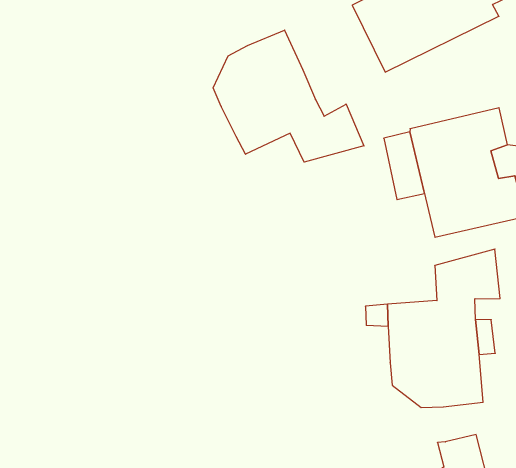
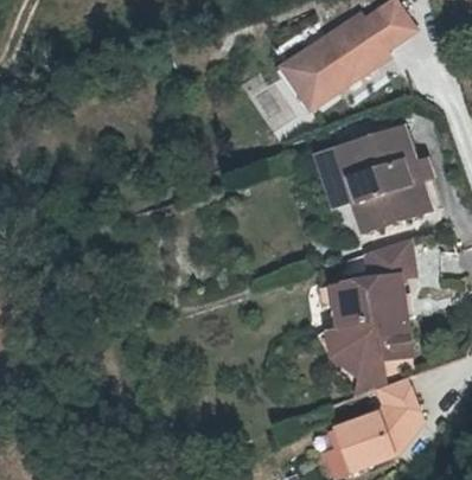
building: [213,30,364,162] -> none
building: none -> [326,329,389,392]

